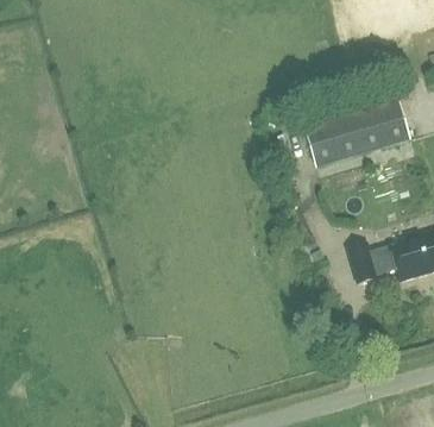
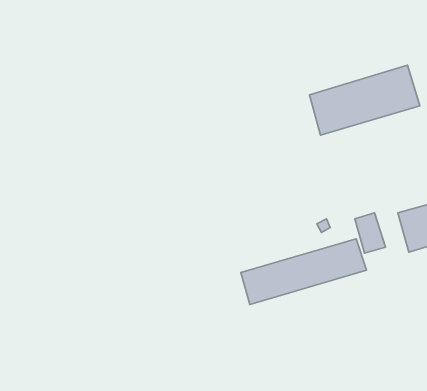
building: none -> [241,239,367,305]

